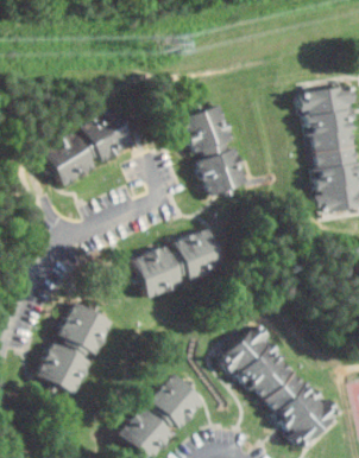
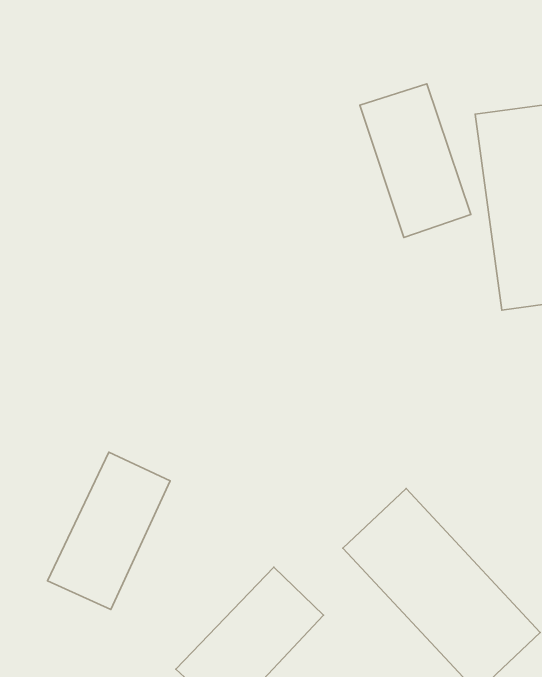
building: [180,103,248,198] -> [360,84,471,238]
building: [38,107,136,184] -> none
building: [127,228,226,298] -> none

